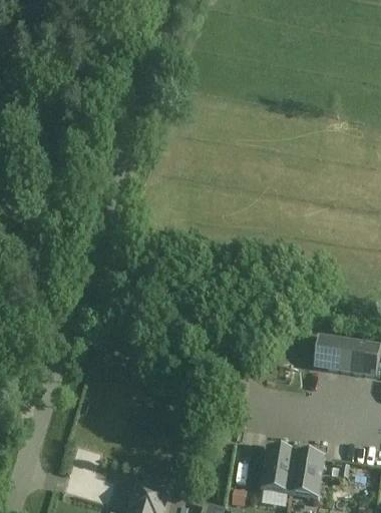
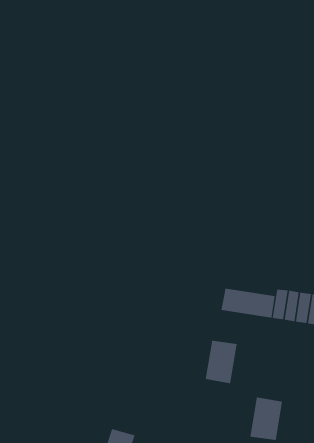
building: none -> [221,288,275,319]
building: [261,446,296,493] -> [205,340,237,384]

